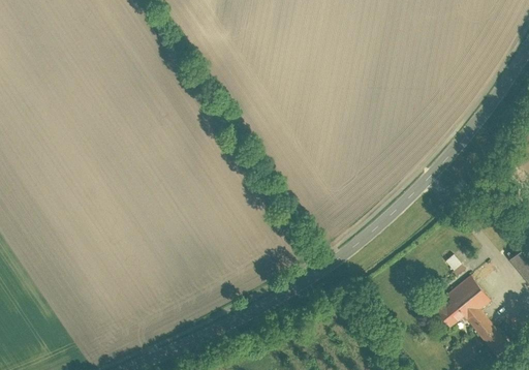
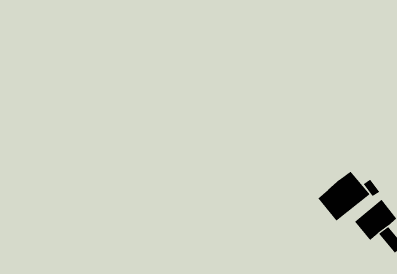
building: none -> [317,171,370,221]

